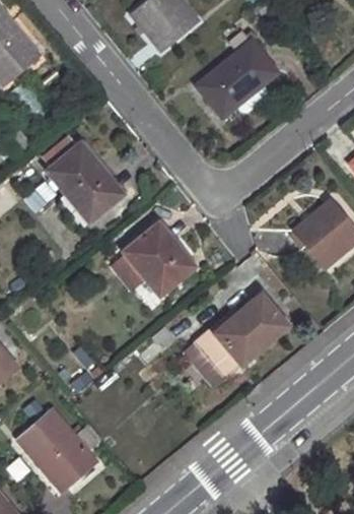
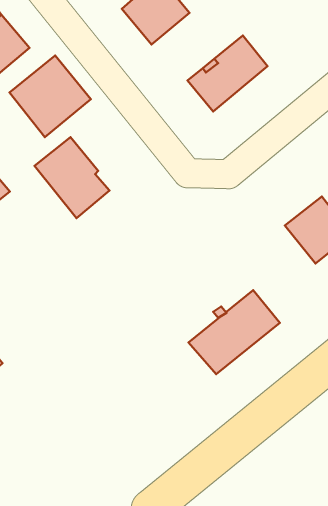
building: none -> [9,56,91,137]
building: [124,224,193,296] -> none
building: [17,410,98,487] -> none

